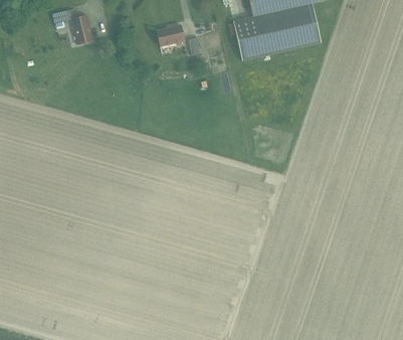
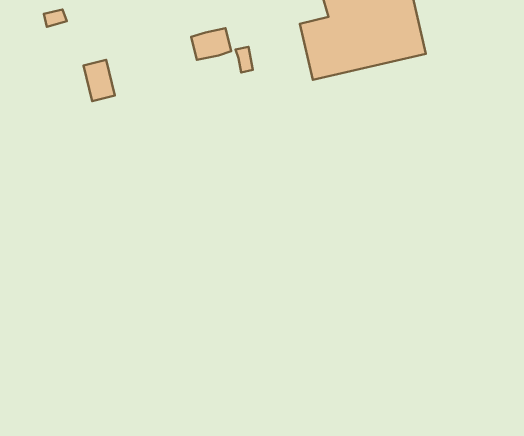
building: [70,14,92,43] -> [83,60,115,101]

